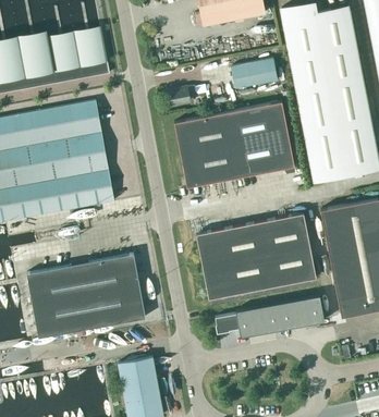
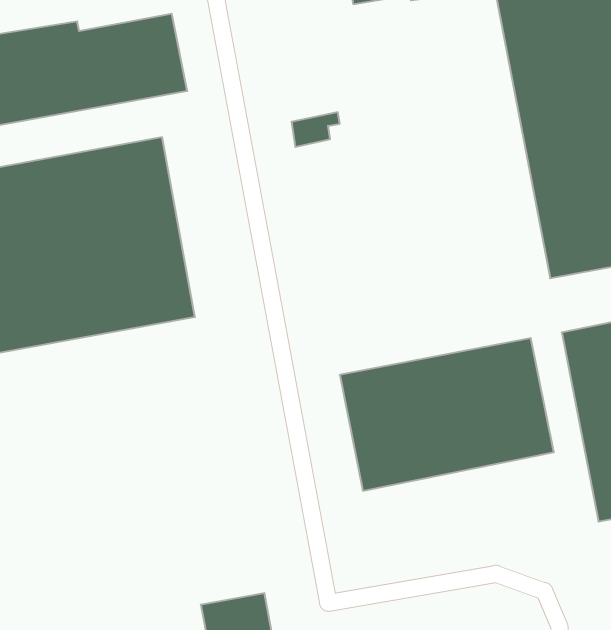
building: [230,59,277,89] -> none
building: [173,101,294,187] -> none
building: [26,254,145,338] -> none
building: [215,296,323,336] -> none

